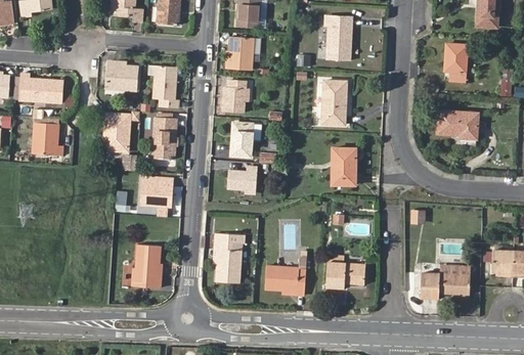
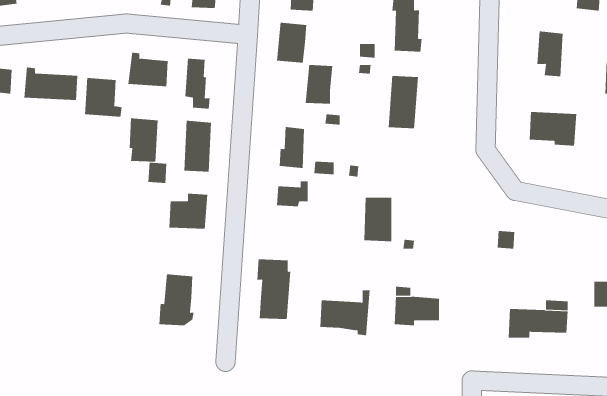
building: [223,81,247,114] -> [305,65,333,104]
building: [36,122,68,154] -> [84,77,123,117]
building: [332,148,355,185] -> [364,197,392,242]

